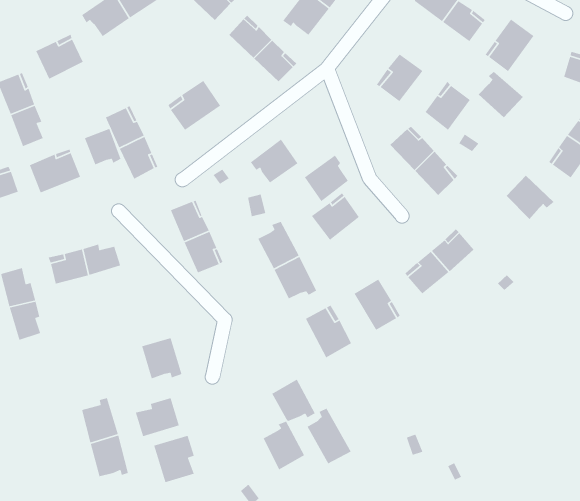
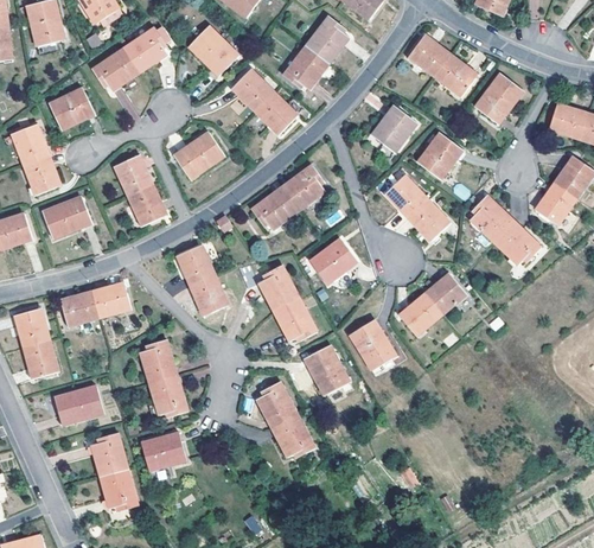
building: [478,71,524,118] -> [470,196,513,241]
building: [84,128,122,166] -> none
building: [304,155,349,202] -> [281,165,324,210]
building: none -> [140,338,177,383]
building: none -> [56,385,102,425]
building: [306,407,352,464] -> none
building: [263,421,305,471] -> [256,381,296,428]
building: [153,435,195,483] -> none

